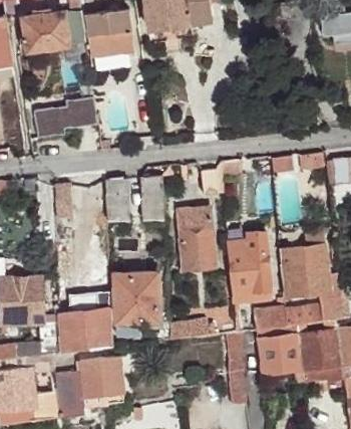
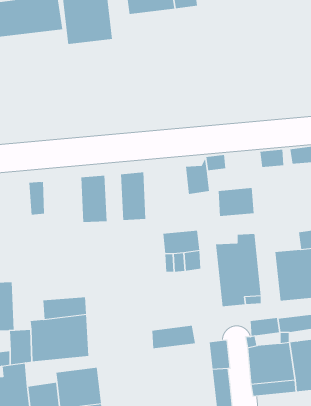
building: [34,96,96,137] -> none
building: [179,205,213,232] -> [218,188,255,217]
building: [114,272,159,333] -> none

